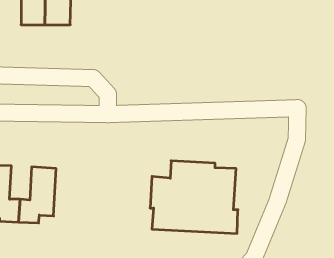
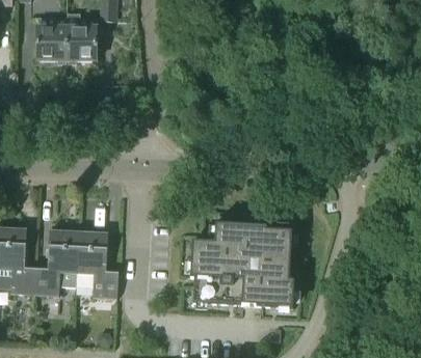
building: none -> [77,230,120,298]

